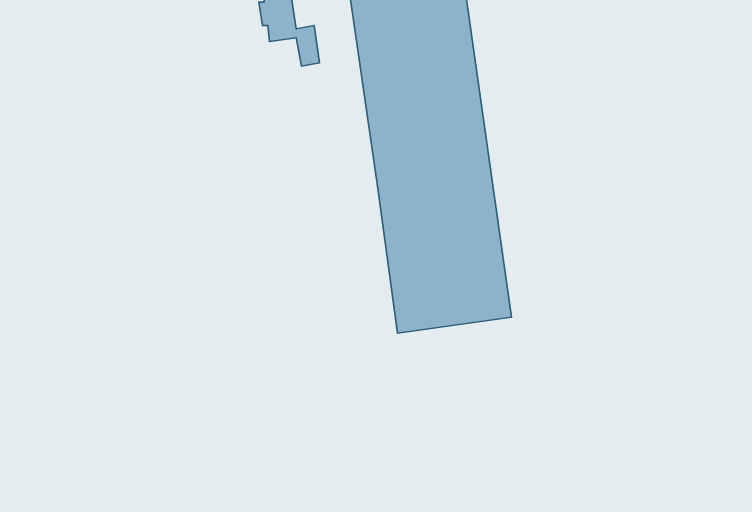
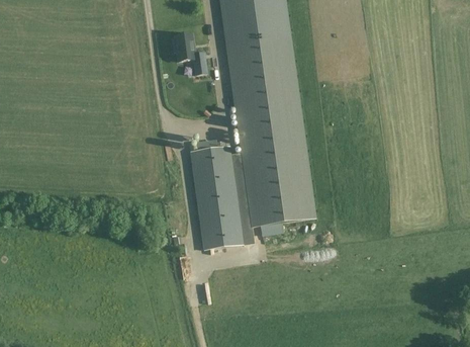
building: none -> [188,143,254,250]

